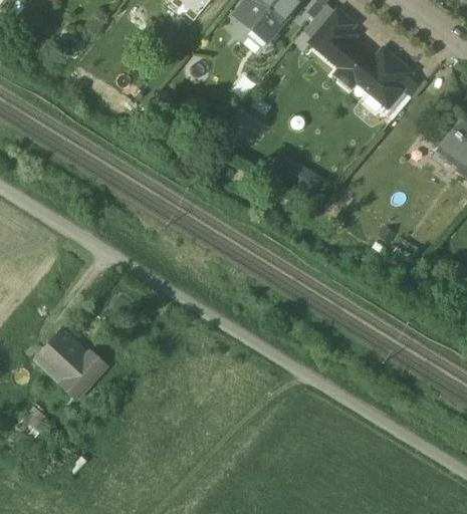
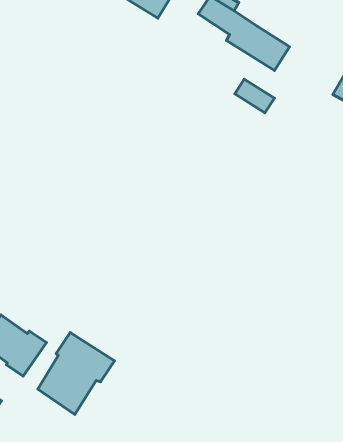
building: [372,49,413,87] -> [235,79,274,113]
building: none -> [38,332,114,415]

